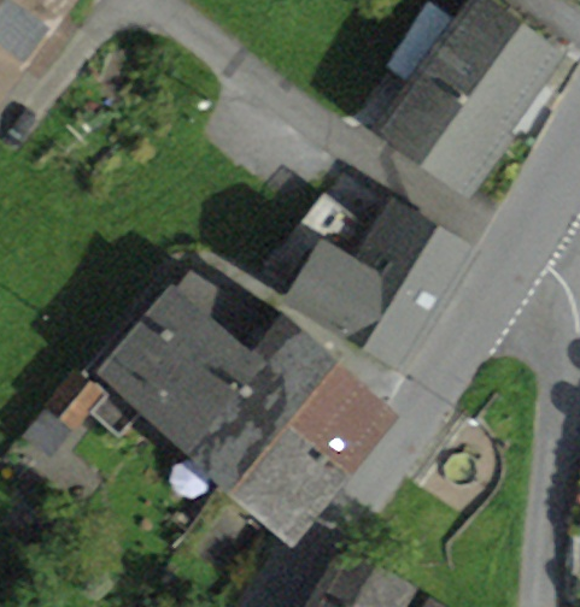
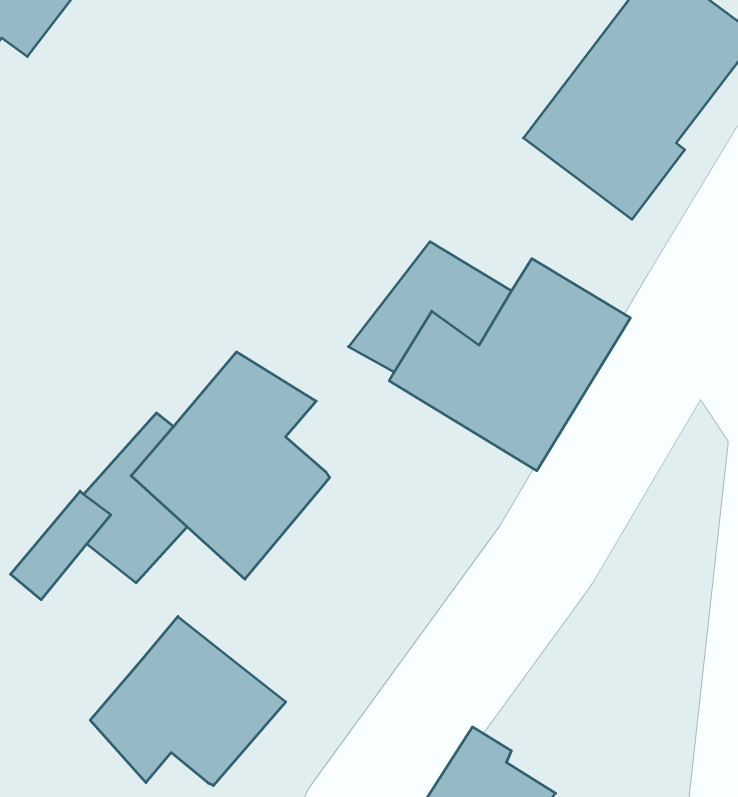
building: [188,322,382,530] -> none
building: none -> [90,616,286,786]

